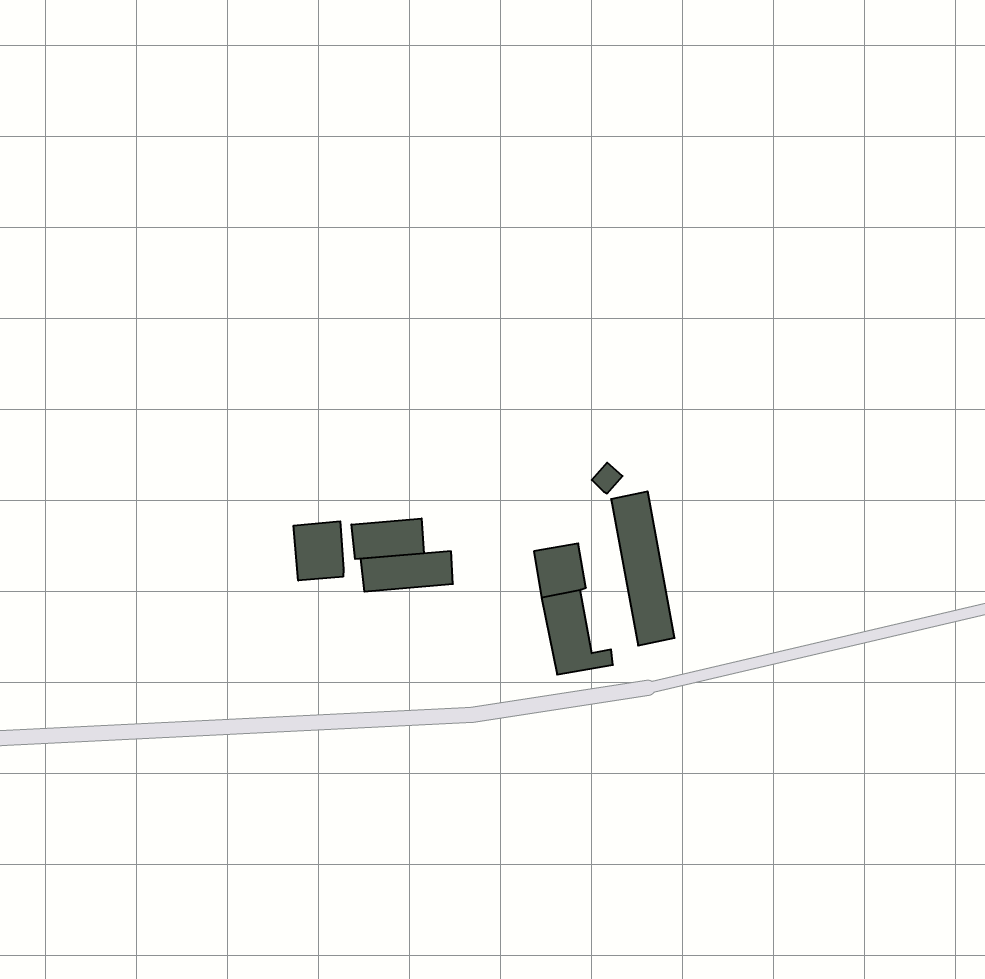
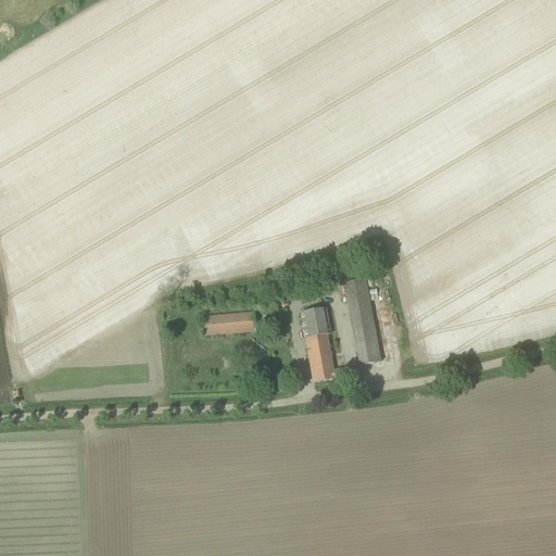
building: [351,518,424,559] -> none
building: [294,521,343,581] -> none

